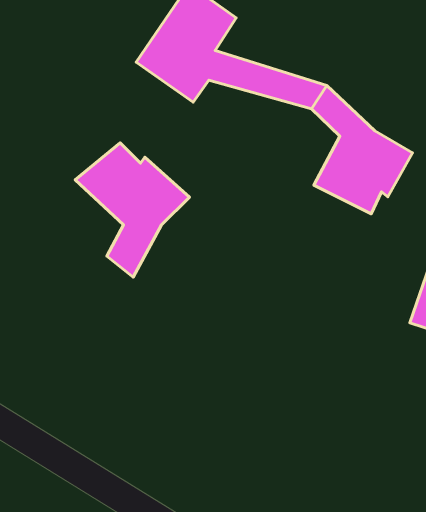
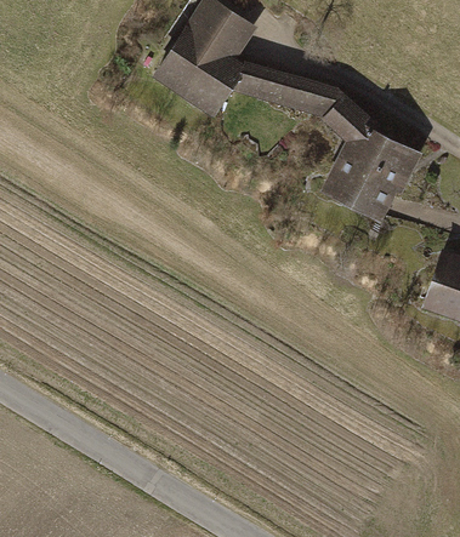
building: [75,143,190,277] -> none

